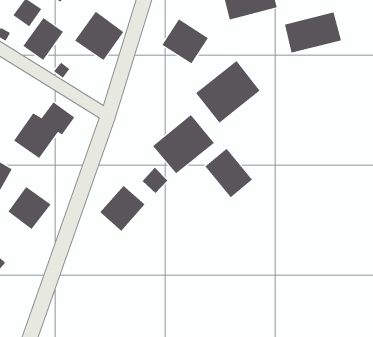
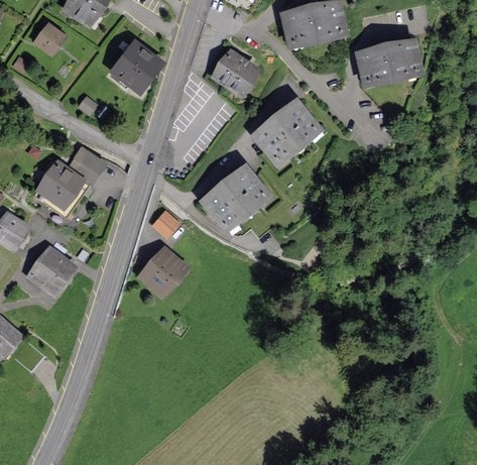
building: [23,17,64,61] -> none
building: [204,148,253,198] -> none
building: [142,167,168,194] -> [150,208,182,240]

